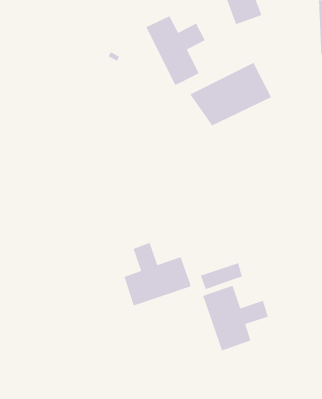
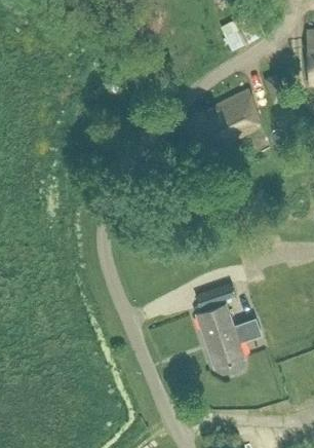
building: [145,15,206,86] -> none
building: [124,242,192,306] -> none

